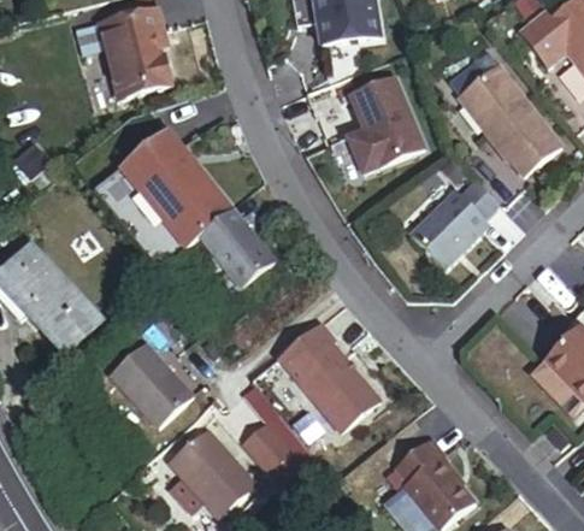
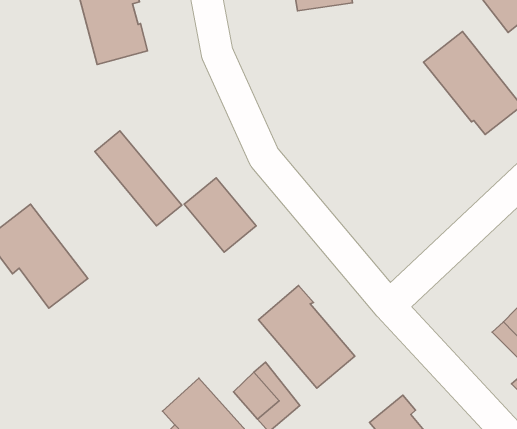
building: [346,82,421,177] -> none
building: [135,134,236,242] -> none
building: [412,179,499,267] -> none
building: [98,344,178,427] -> none

